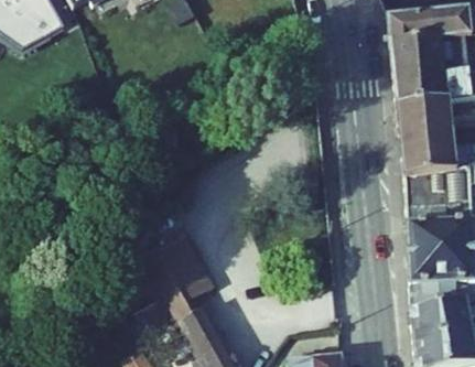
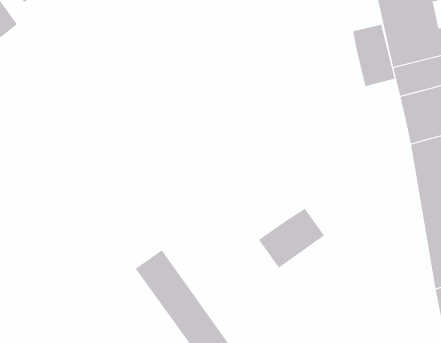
building: none -> [352,24,395,87]
building: none -> [258,208,325,269]

